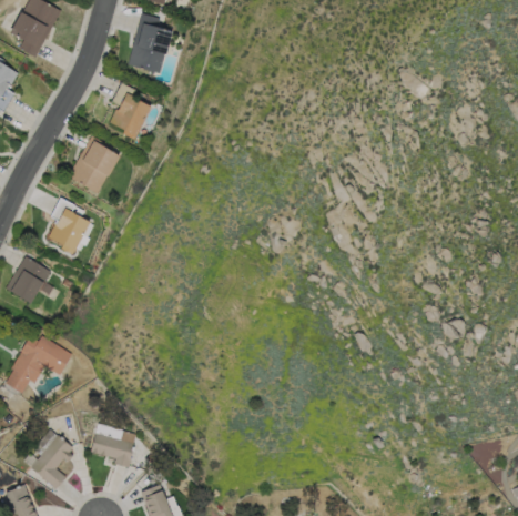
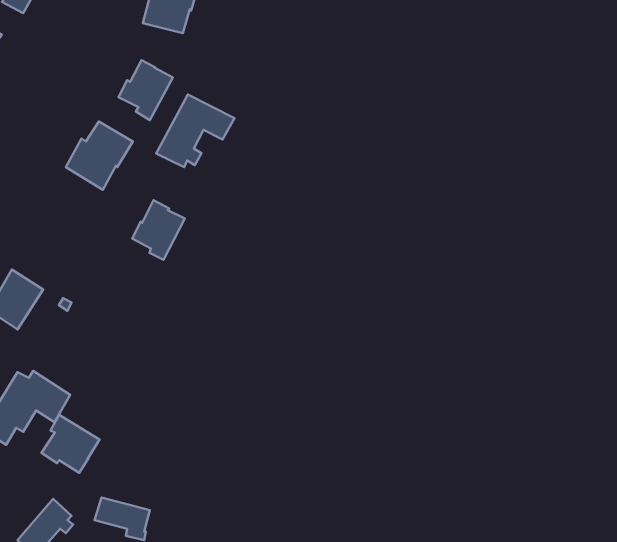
building: none -> [156,95,235,167]
building: [48,208,89,254] -> [132,200,185,260]
building: none -> [42,415,99,473]

